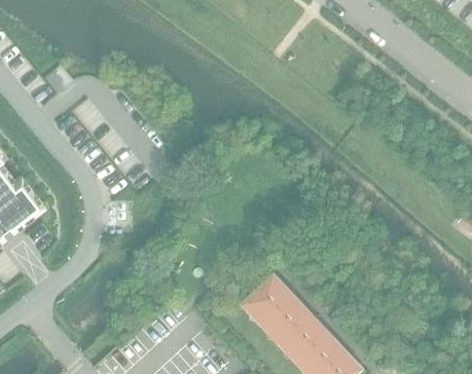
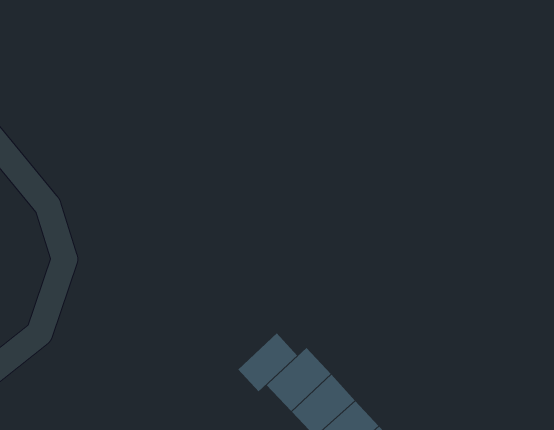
building: none -> [238,333,298,392]

